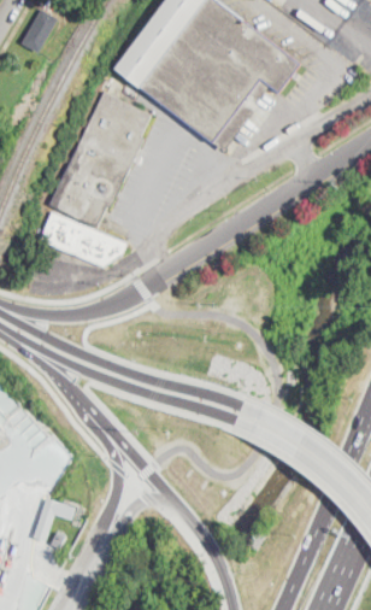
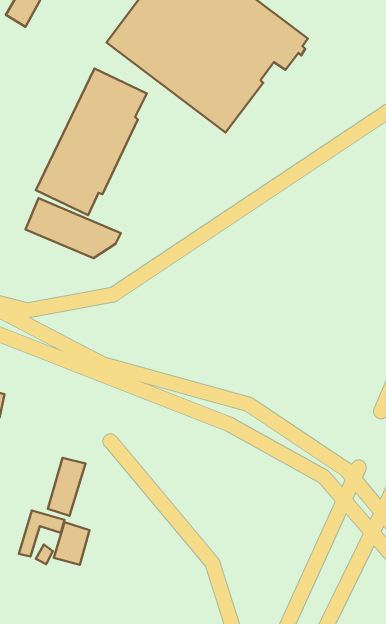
building: none -> [48,458,85,516]
building: none -> [54,522,90,565]

